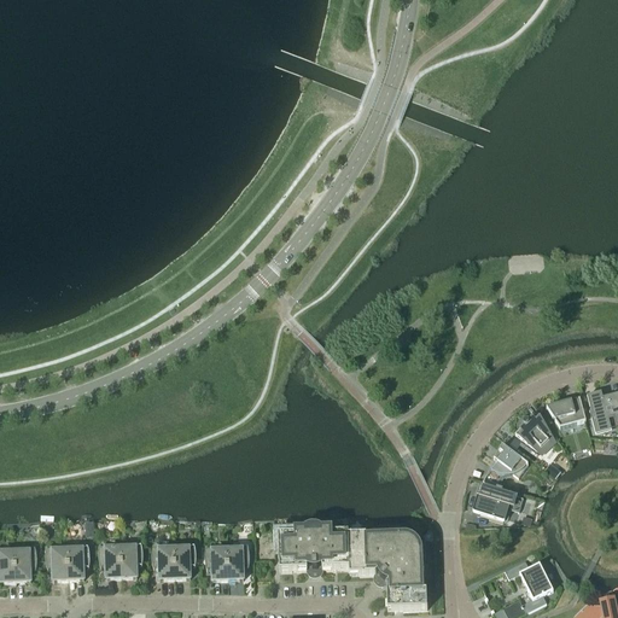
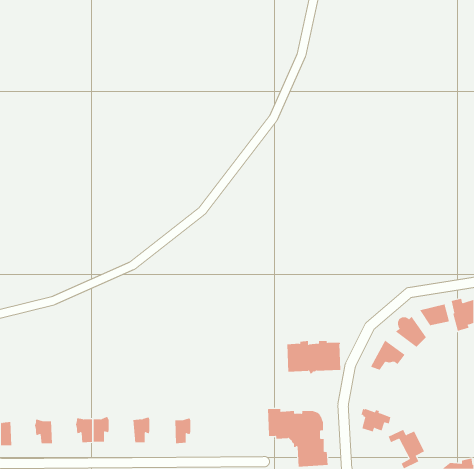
building: [477,482,517,513] -> [361,408,391,432]
building: [278,526,349,571] -> [287,340,341,375]
building: [68,542,89,577] -> none
building: [151,543,175,577] -> none
building: [14,544,36,579] -> none
building: [204,544,228,577] -> none

